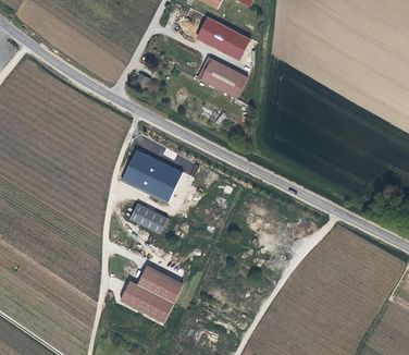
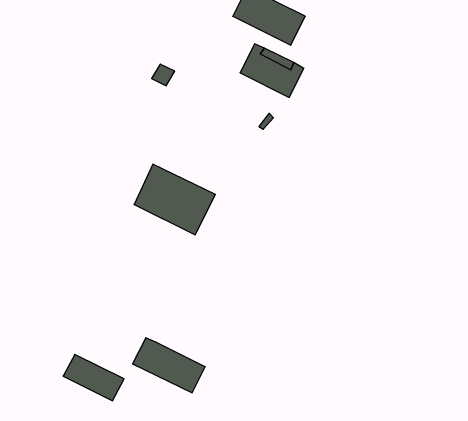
building: [129,204,166,233] -> none
building: [137,267,183,302] -> [63,354,124,401]

